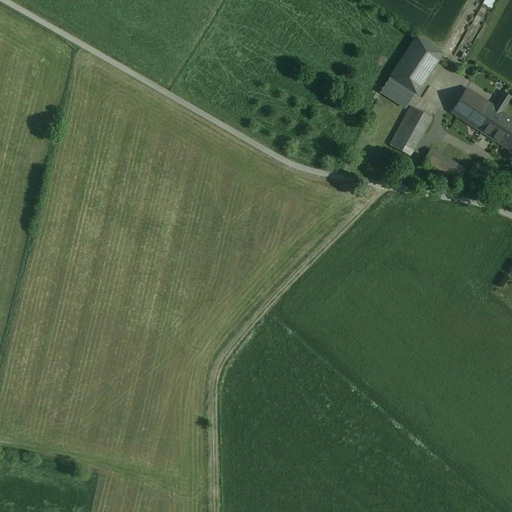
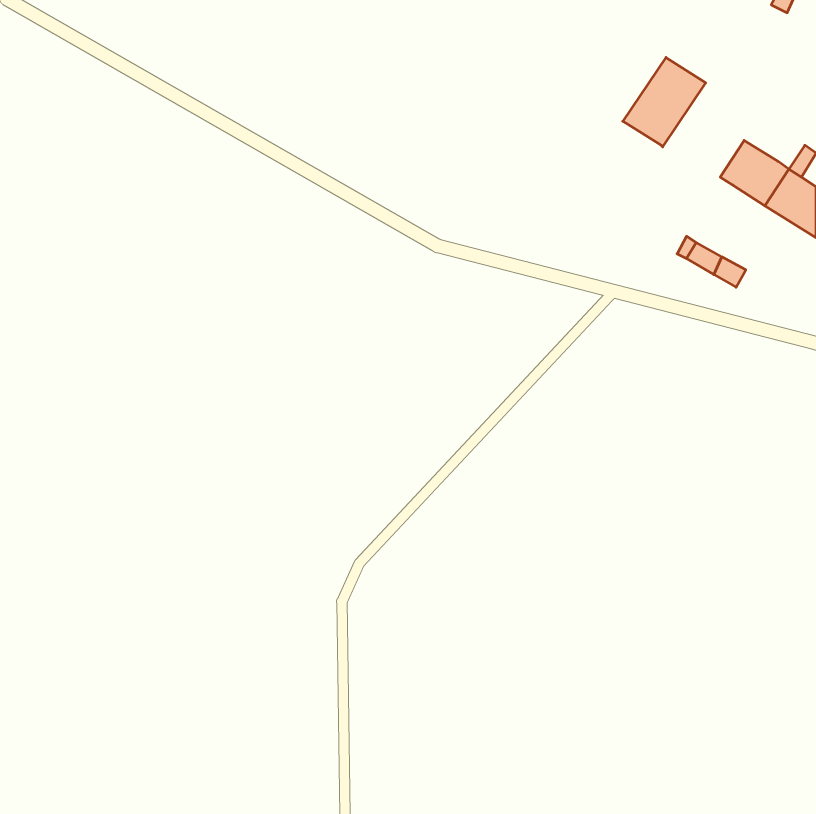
building: [381,76,414,107] -> none
building: [390,105,431,155] -> none

